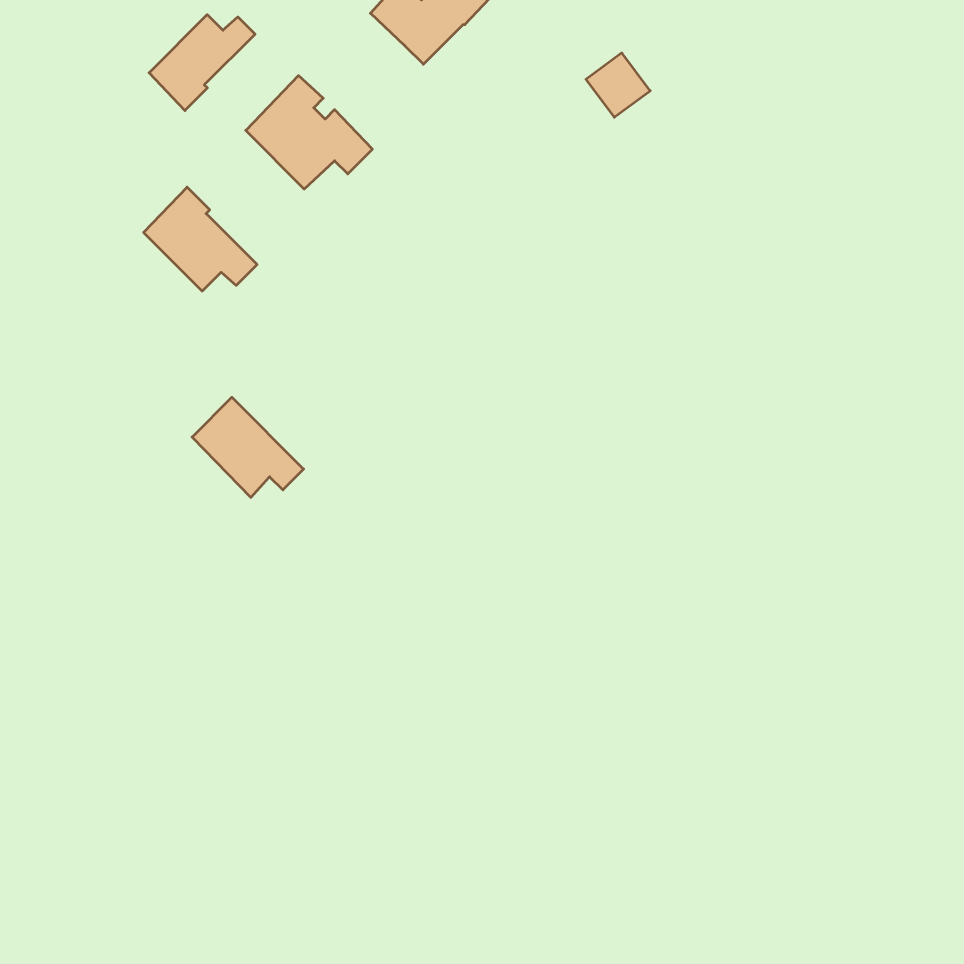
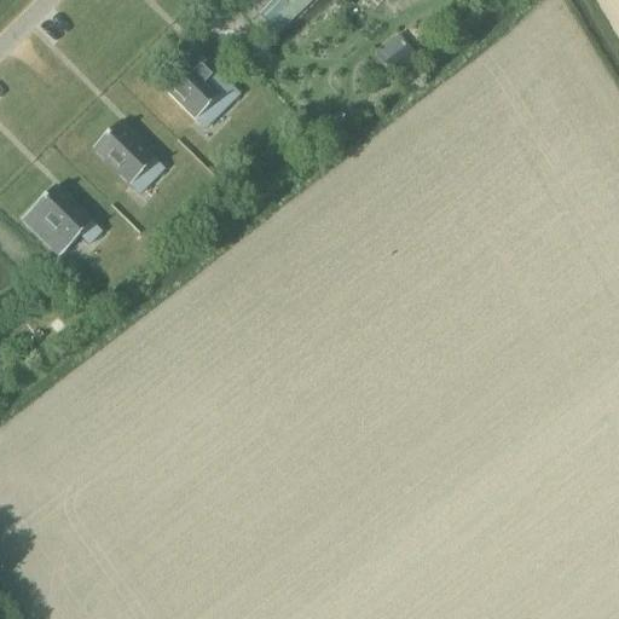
building: [149,15,255,111] -> none
building: [192,397,304,497] -> [30,186,102,250]

